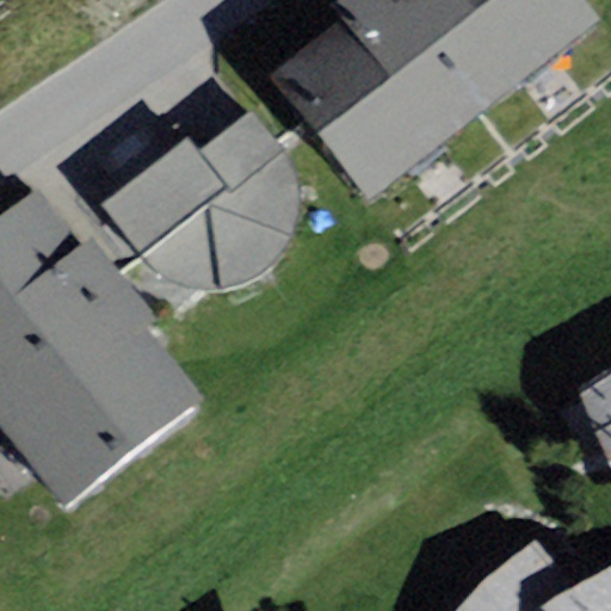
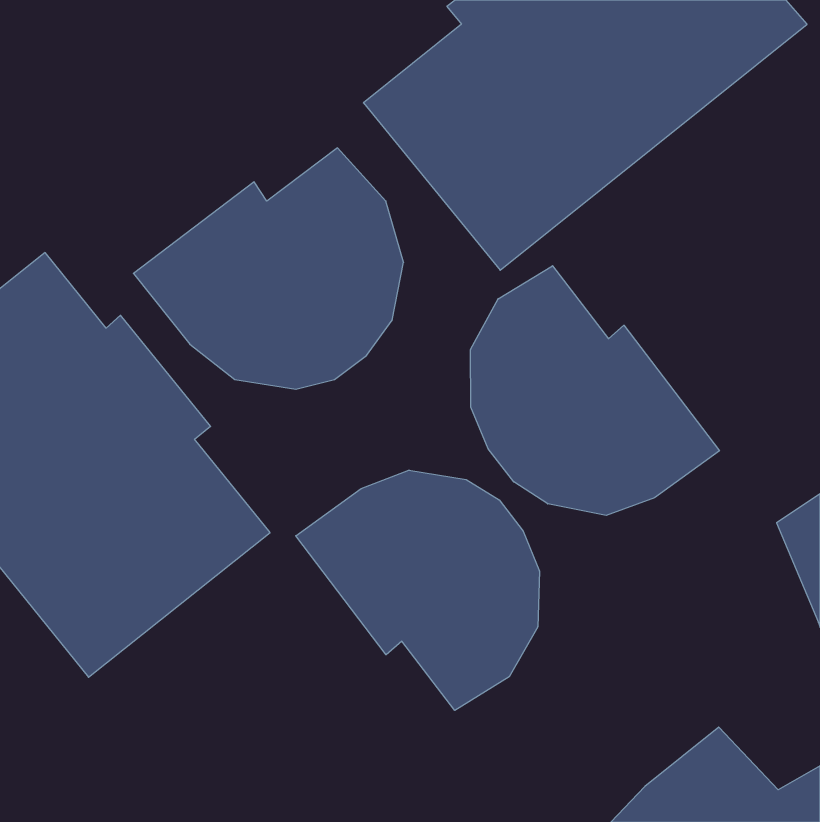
building: none -> [471,266,719,515]
building: none -> [296,470,539,710]

